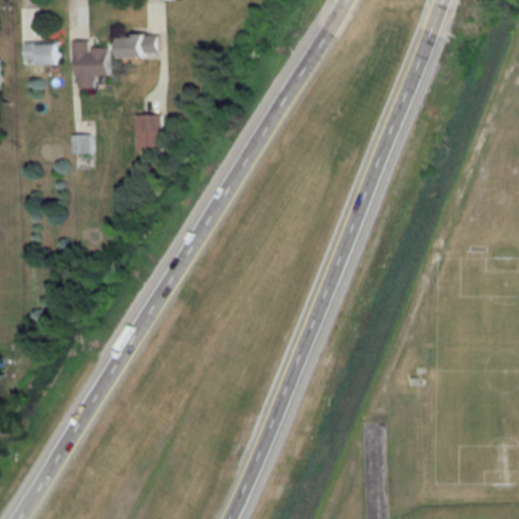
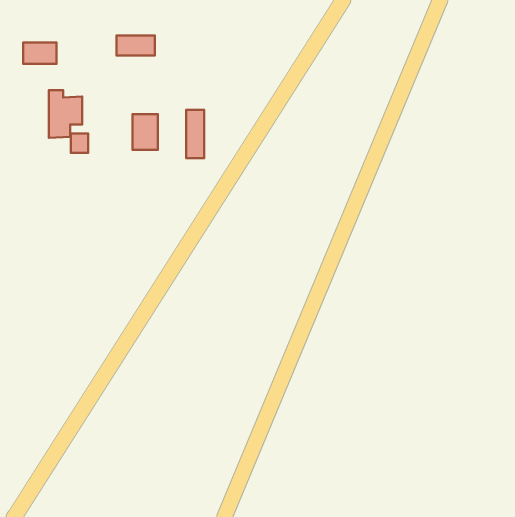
building: [73,41,106,88] -> [49,90,82,138]
building: none -> [186,110,204,158]

